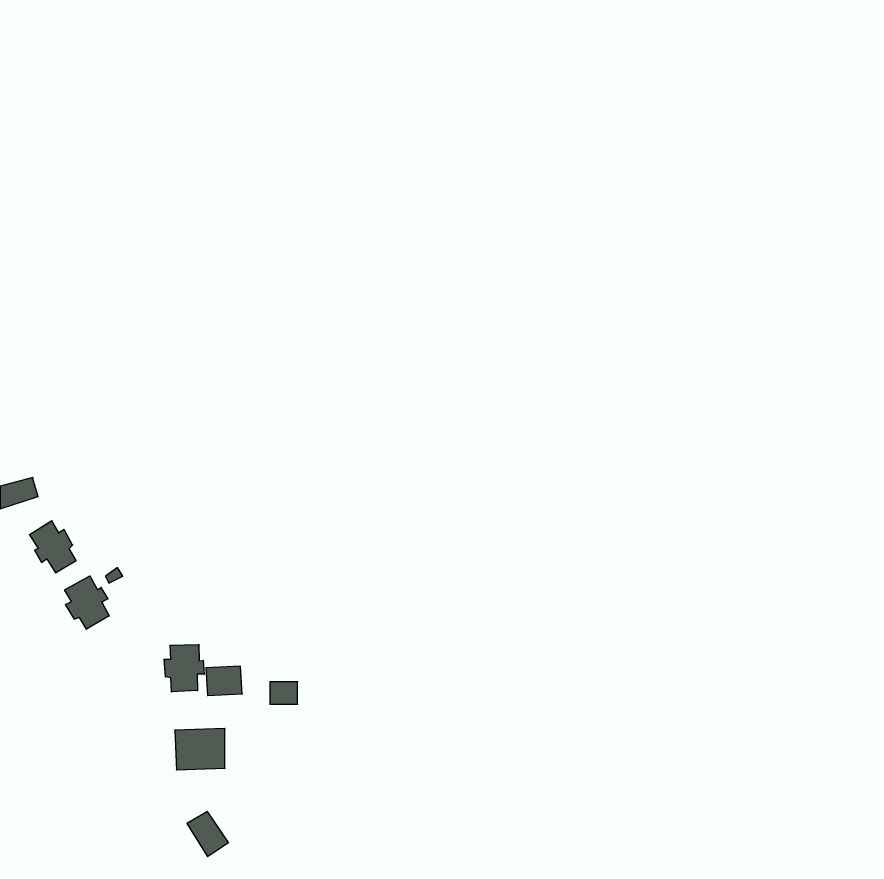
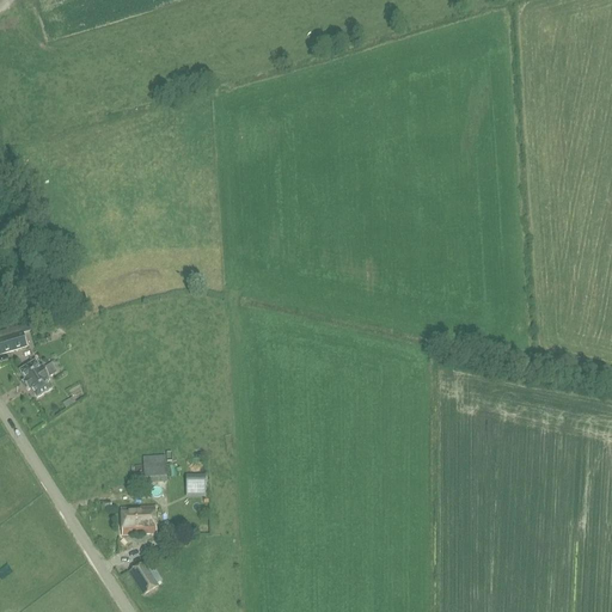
building: [65,576,109,629] -> none
building: [164,644,204,692] -> none

